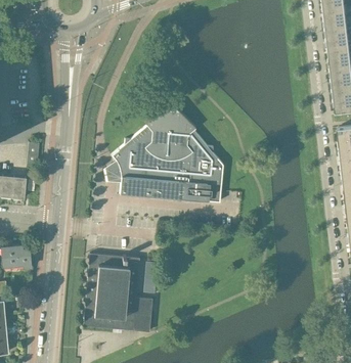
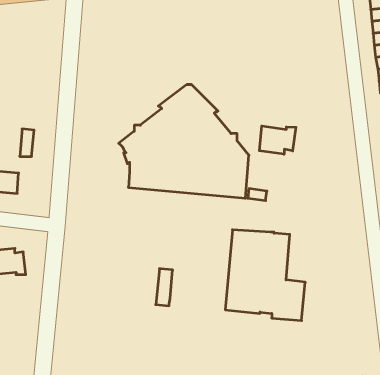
building: none -> [259,126,296,154]
building: [84,256,152,333] -> [225,230,305,321]

